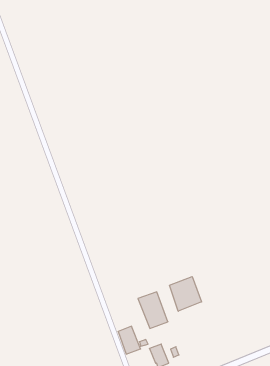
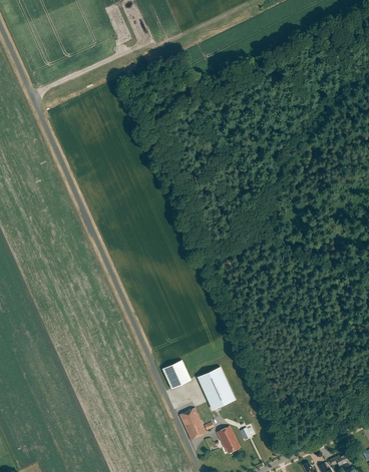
building: [170,277,202,311] -> none
building: none -> [162,361,191,390]

